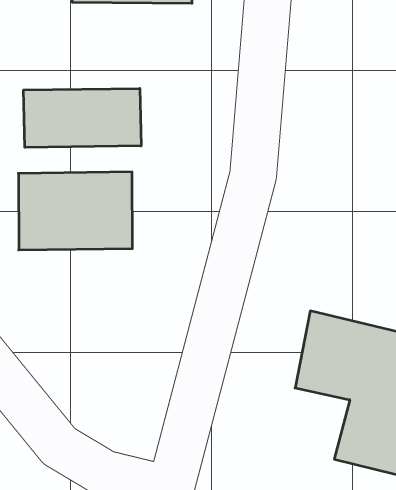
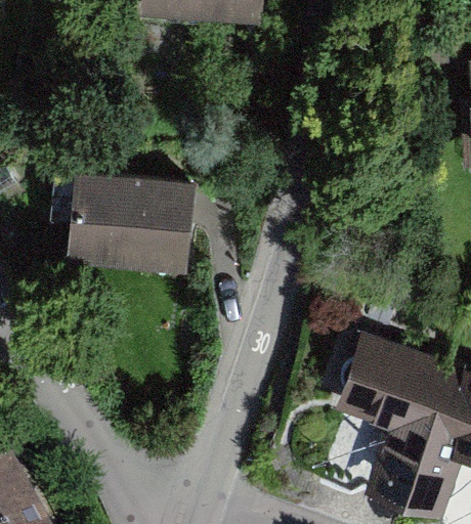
building: [24,88,141,147] -> none

